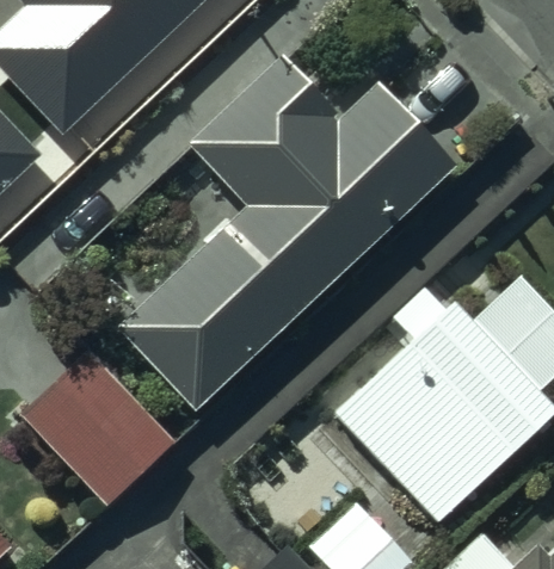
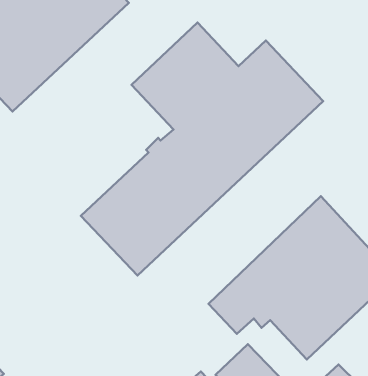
building: [21,350,176,506] -> none

